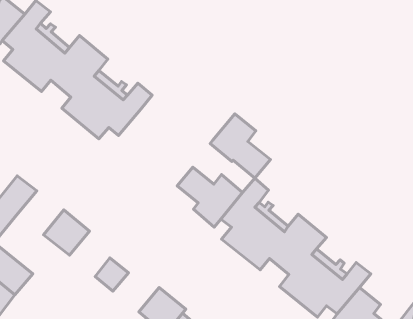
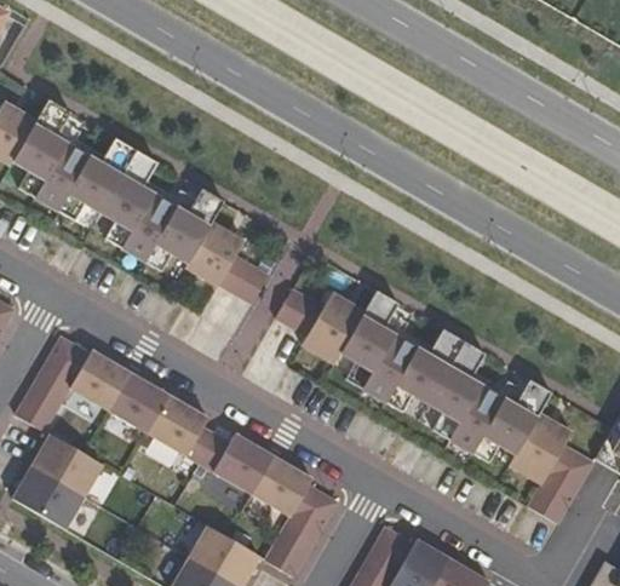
building: [210,114,270,178] -> [184,223,268,304]
building: none -> [69,351,130,410]
building: none -> [147,396,207,455]
building: none -> [212,433,272,493]

